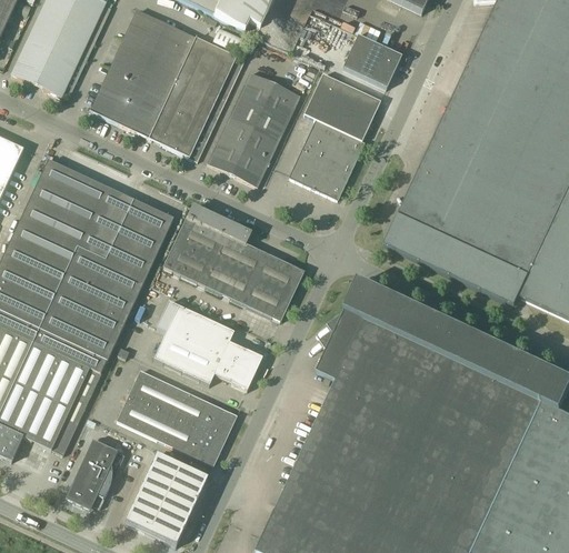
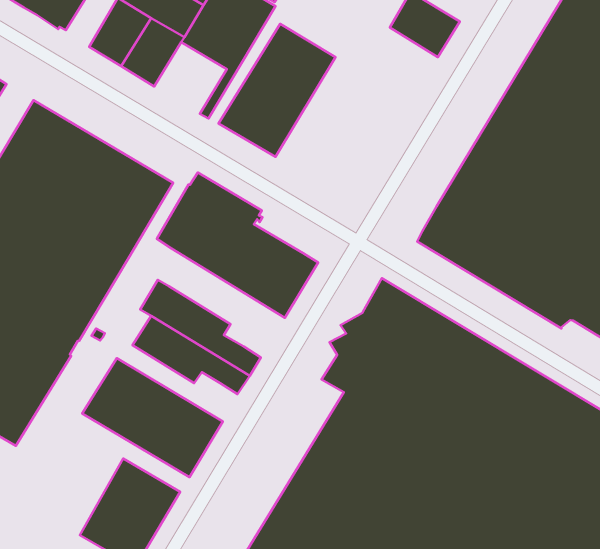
building: [288,72,380,199] -> none
building: [148,97,208,155] -> none
building: [62,439,124,514] -> none

